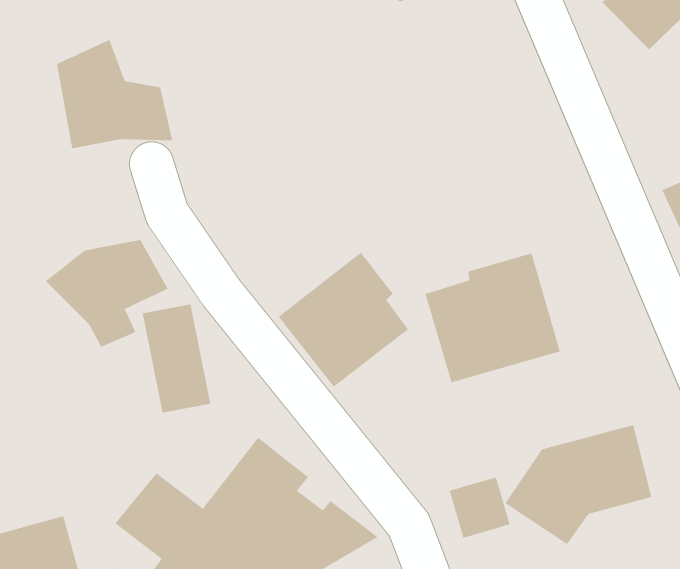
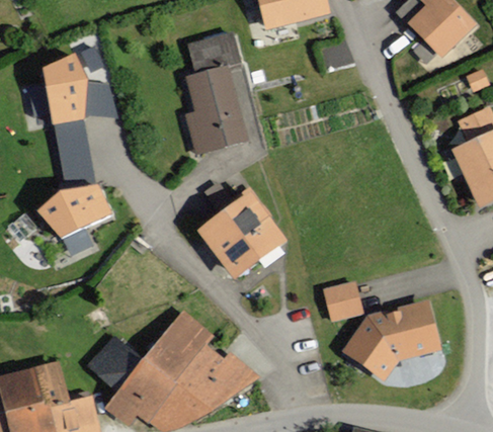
building: none -> [183,32,264,166]
building: [425,253,560,383] -> none
building: [142,304,211,413] -> [58,115,103,187]
building: [449,477,511,538] -> [322,283,362,324]

